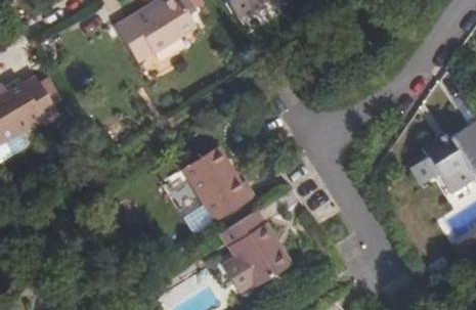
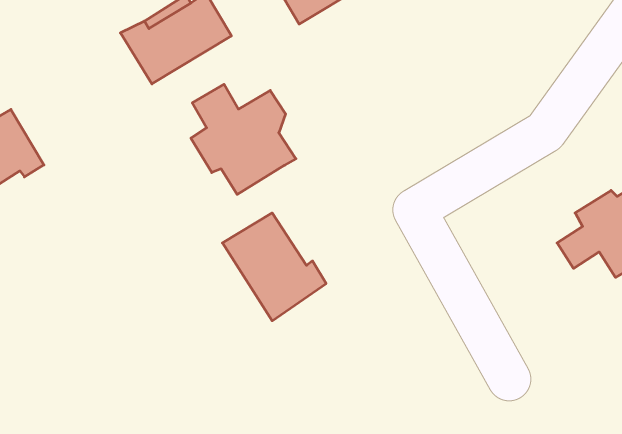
building: none -> [191,84,296,194]
building: [221,211,295,287] -> none

